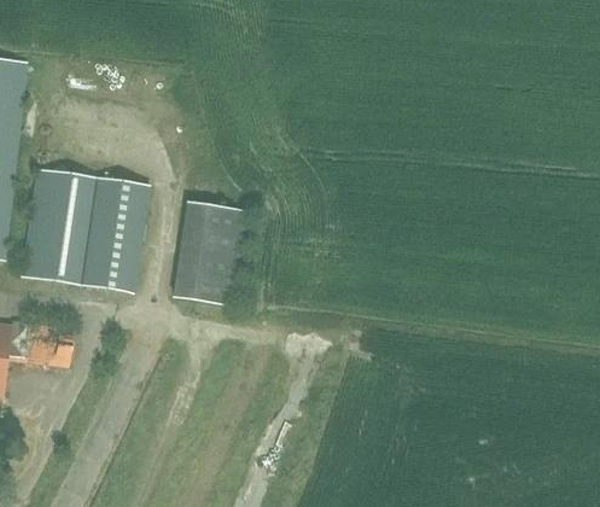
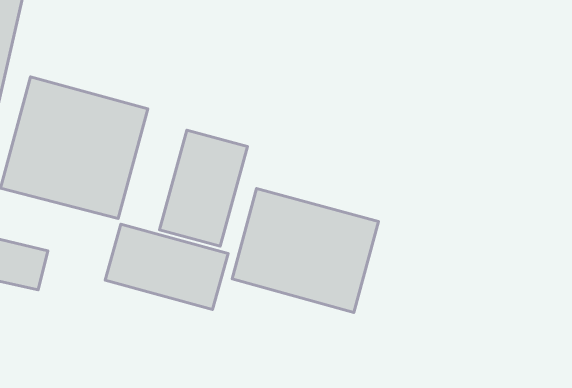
building: none -> [232,188,379,313]
building: none -> [105,224,228,309]

